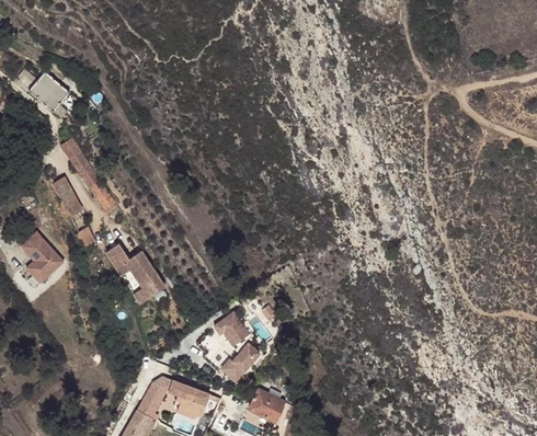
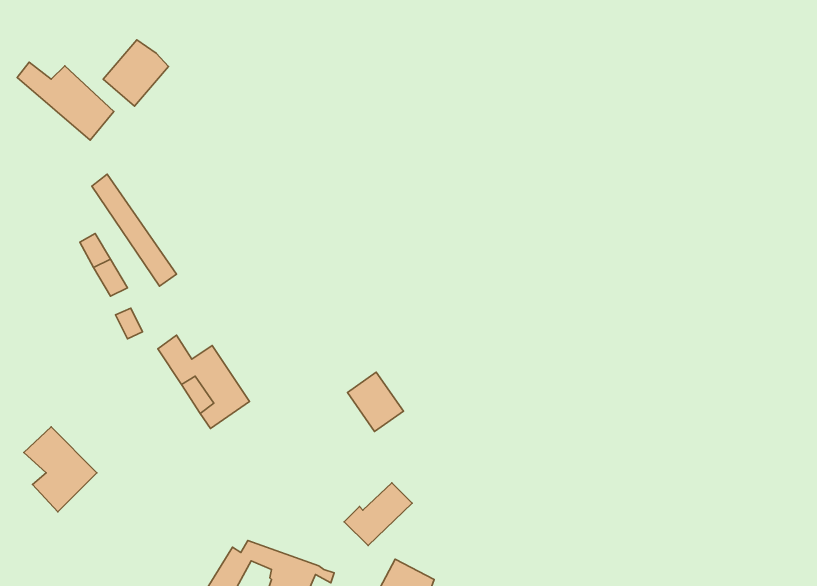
building: none -> [103,40,169,106]
building: [23,228,70,283] -> [24,427,97,512]
building: [218,308,254,346] -> [347,372,403,432]

